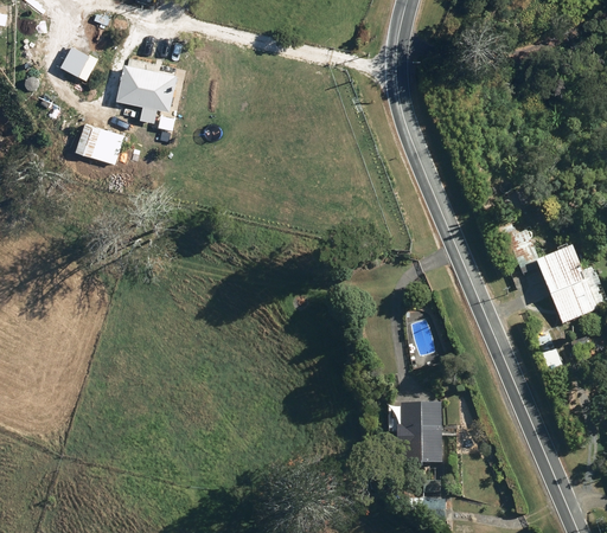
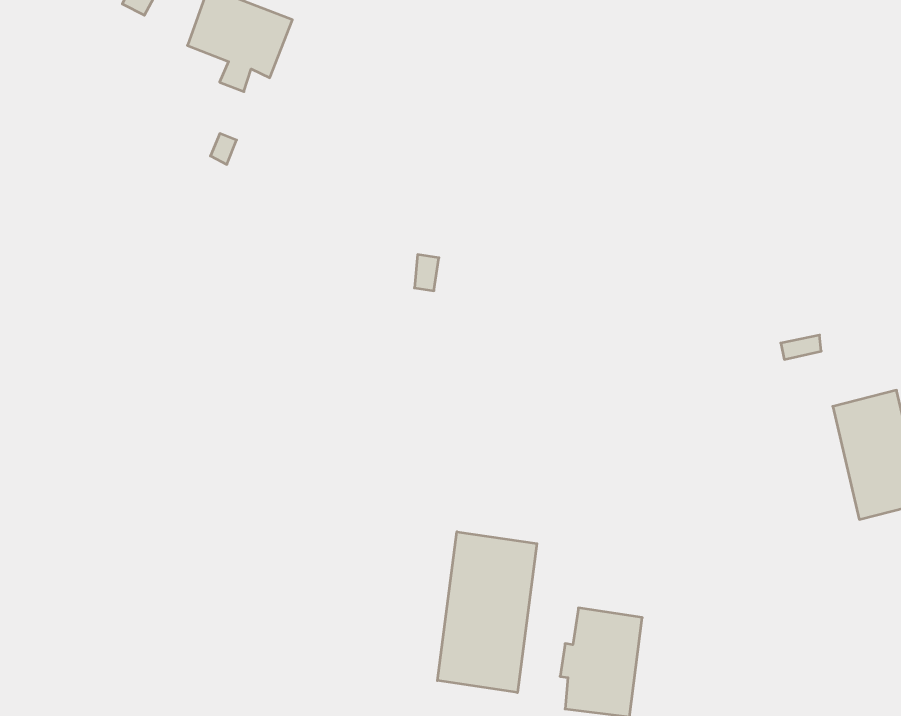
building: [75,114,129,159] -> none
building: none -> [437,532,537,693]

